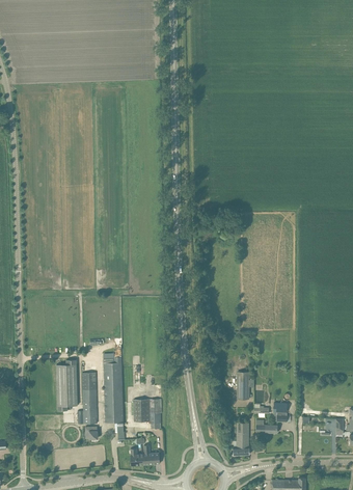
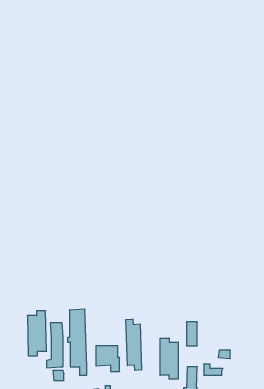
building: none -> [126,319,142,370]
building: none -> [160,338,178,379]

